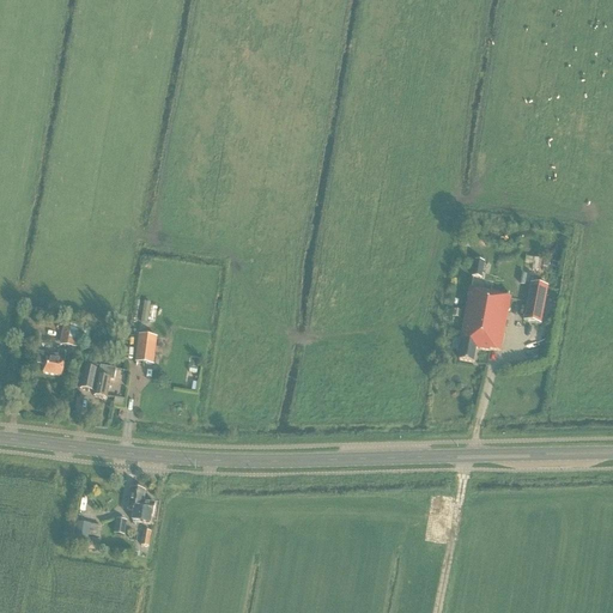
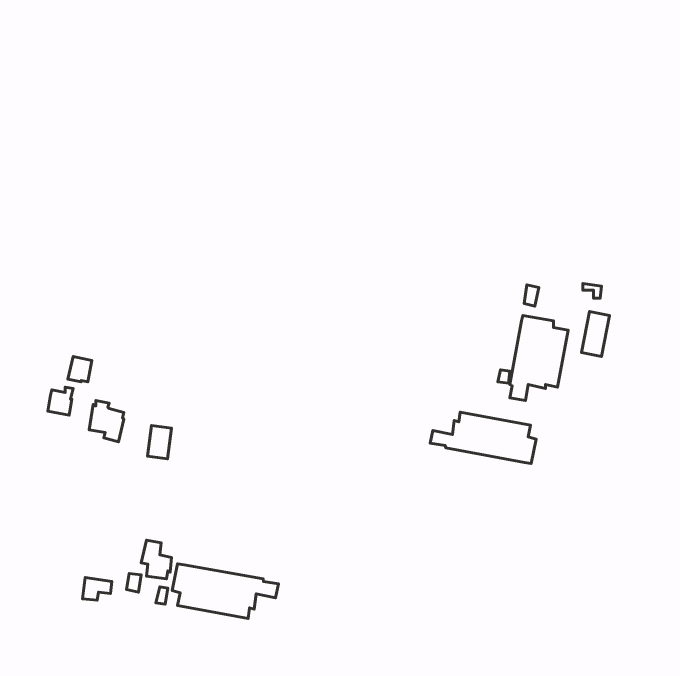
building: [135,332,157,362] -> [148,426,172,459]
building: none -> [430,412,536,463]
building: none -> [172,564,279,618]

